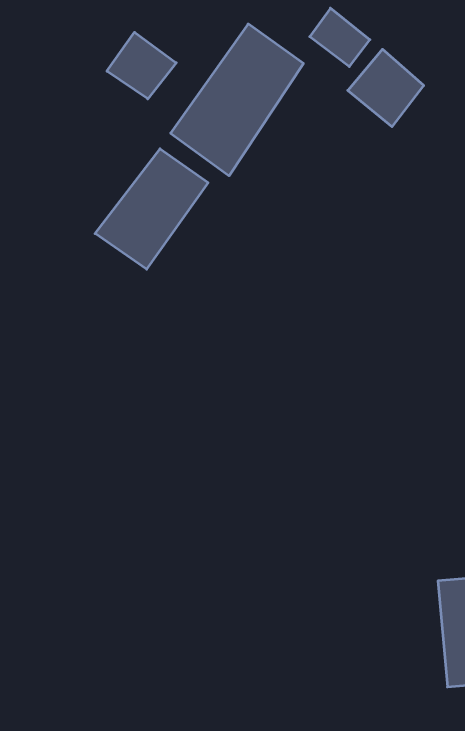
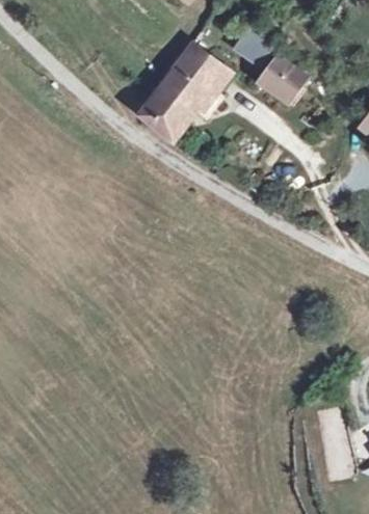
building: [107,32,176,99] -> none
building: [95,149,208,269] -> none

